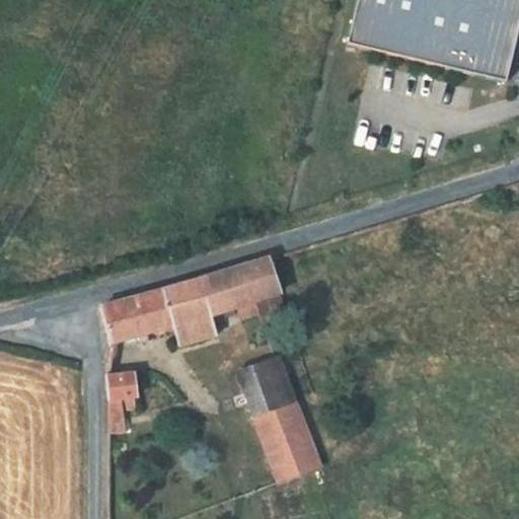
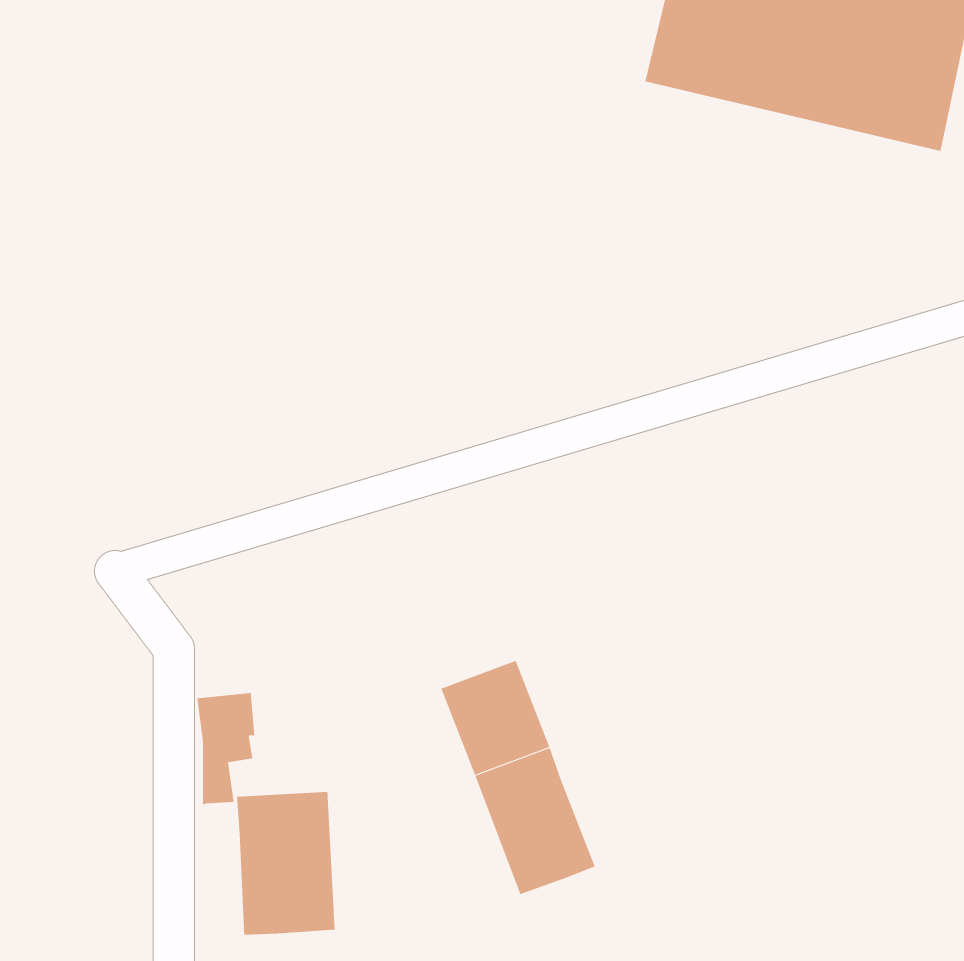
building: [101,256,282,343] -> none
building: none -> [236,791,335,936]

